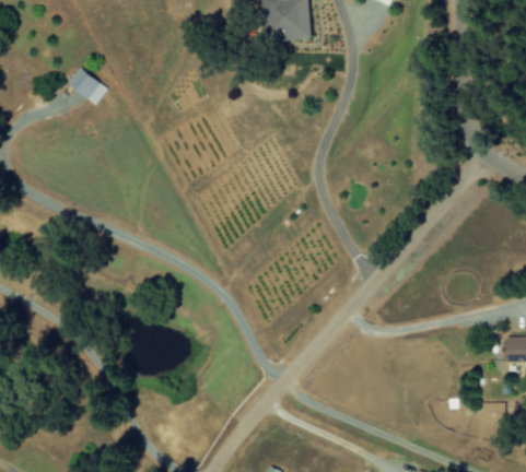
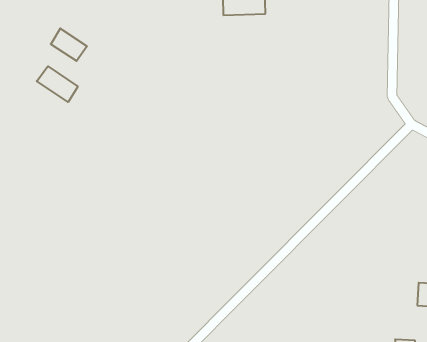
building: none -> [37,66,78,102]

